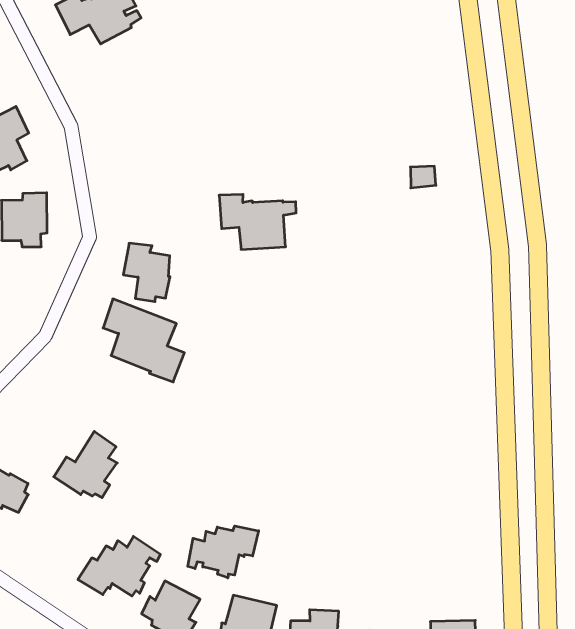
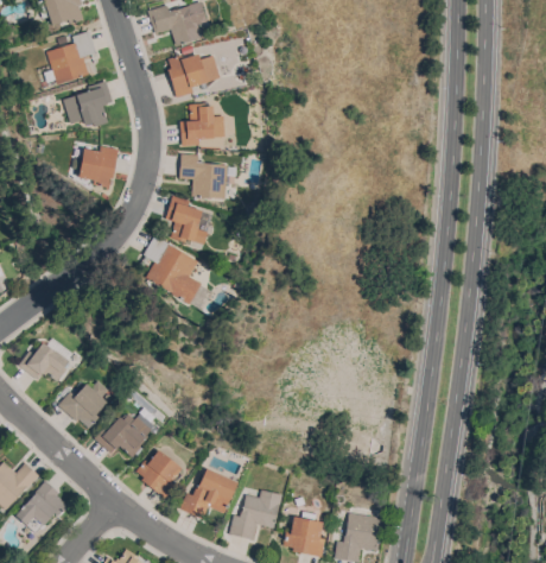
building: none -> [167,53,220,97]
building: none -> [180,103,226,146]
building: [219,194,296,249] -> [179,153,237,200]
building: [54,431,117,498] -> [58,377,108,426]
building: [188,526,259,578] -> none

